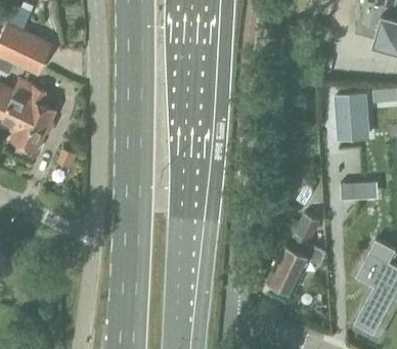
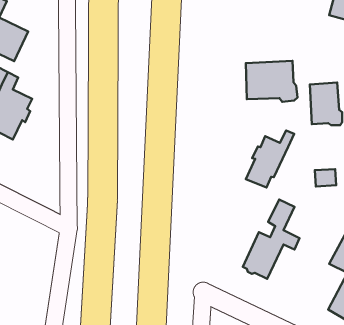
building: none -> [246,61,297,102]
building: none -> [246,130,294,188]

